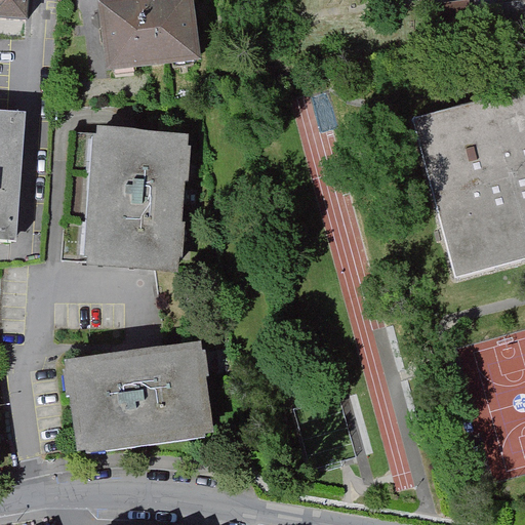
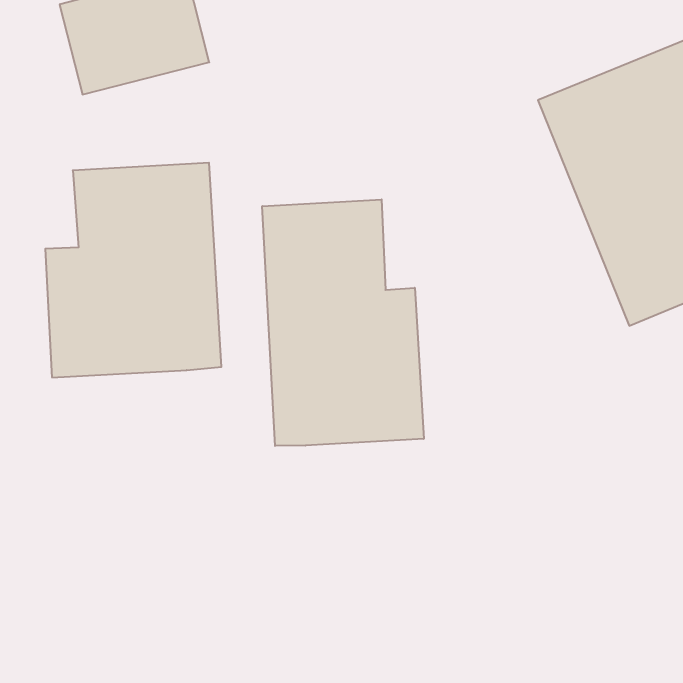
building: none -> [262,199,424,446]
building: [67,337,218,449] -> none

